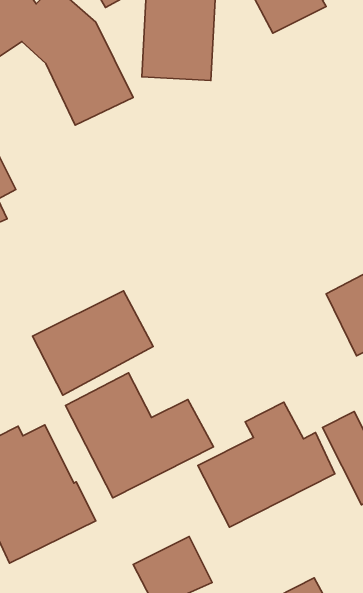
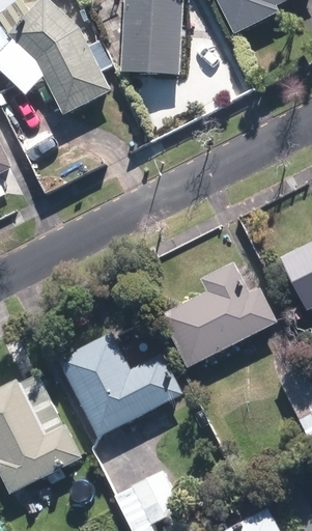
building: [33,291,153,395] -> none
building: [198,402,335,527] -> [160,258,277,365]

